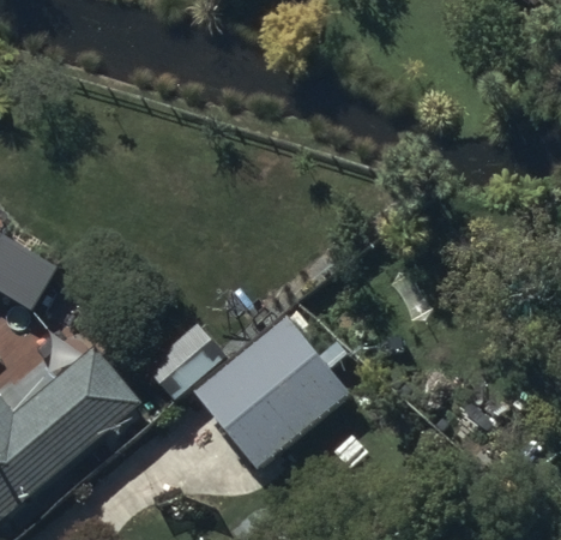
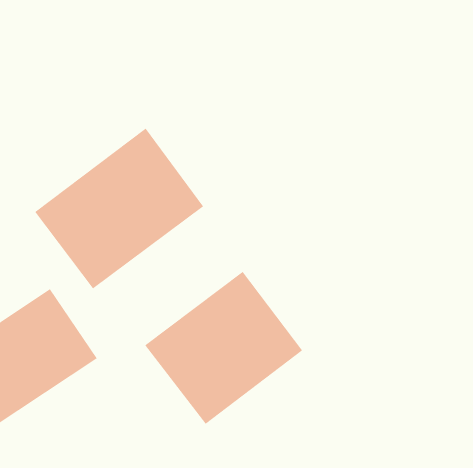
building: none -> [34,127,204,290]

